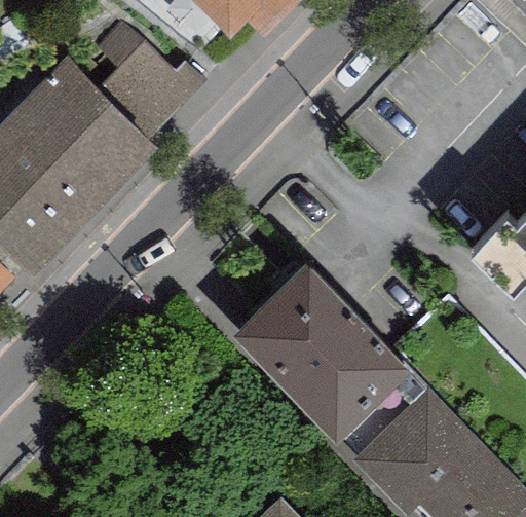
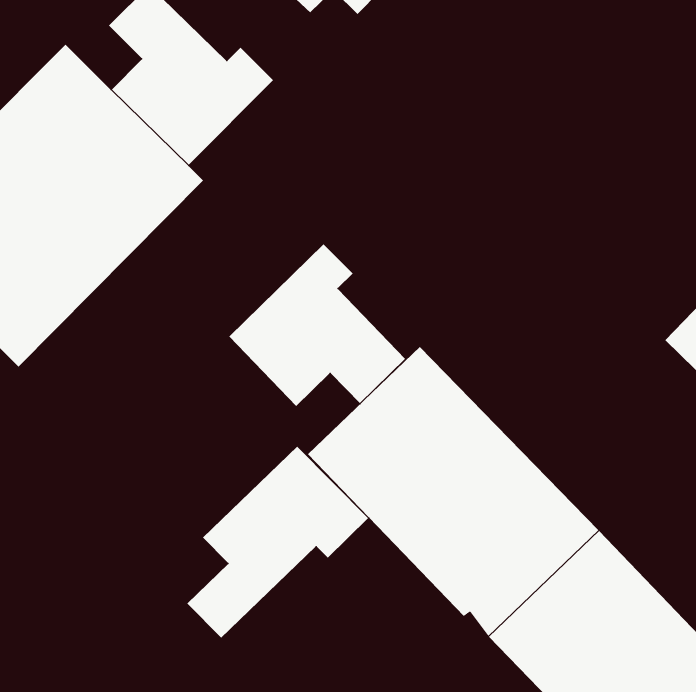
building: none -> [228,243,406,407]
building: none -> [187,446,369,638]

